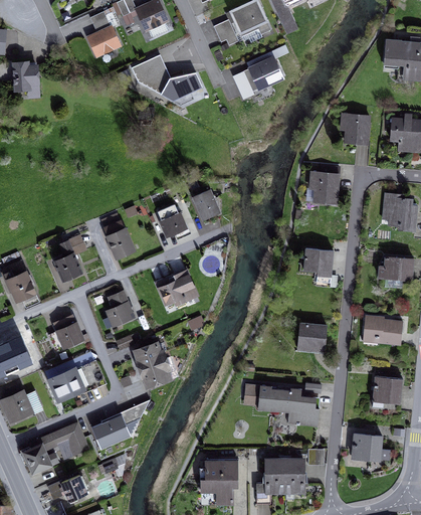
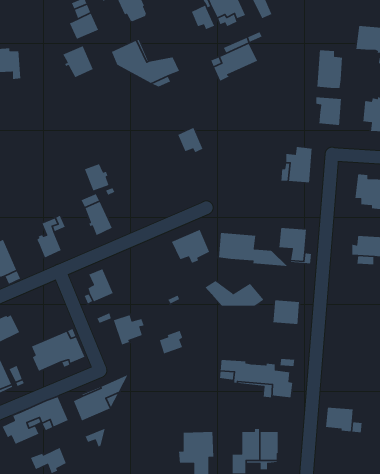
building: none -> [62,45,94,78]
building: none -> [317,50,343,89]
building: [193,189,220,216] -> [177,127,204,153]
building: [159,205,185,234] -> [84,163,109,191]
building: none -> [218,232,288,267]
building: [157,271,197,307] -> [171,229,210,264]
building: none -> [205,280,265,307]
building: [364,316,403,344] -> none
building: [49,317,82,350] -> none
building: [143,360,168,385] -> [159,330,183,354]
building: [372,376,403,410] -> none

